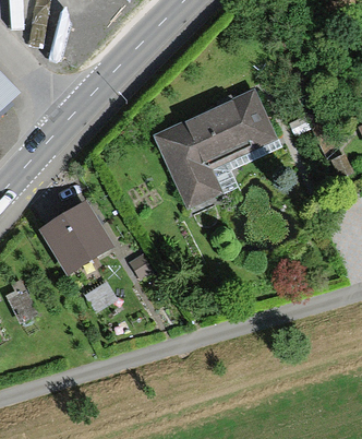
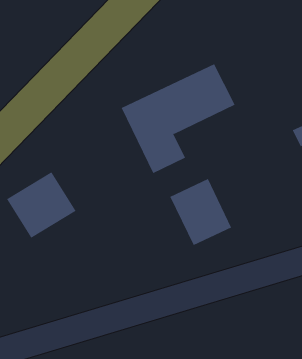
building: none -> [169,178,232,246]

